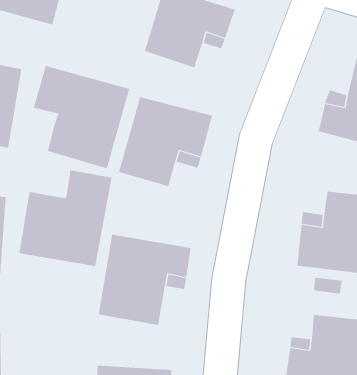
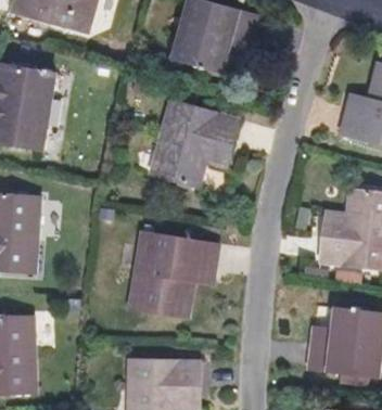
building: [33,65,130,169] -> none
building: [19,170,112,267] -> none

